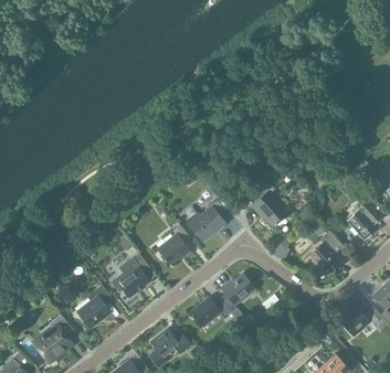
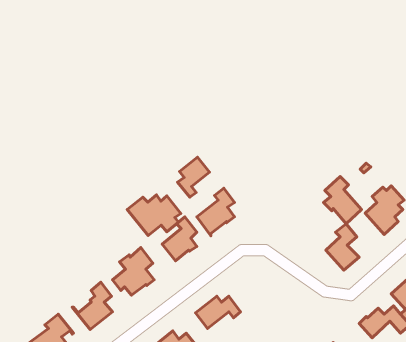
building: none -> [178,157,210,197]
building: [252,182,287,226] -> [324,176,361,224]
building: none -> [127,195,181,235]
building: [220,274,255,312] -> none

